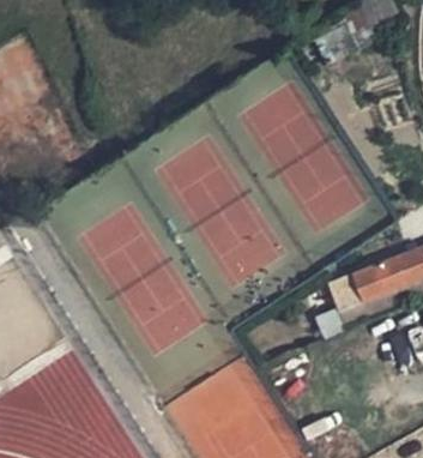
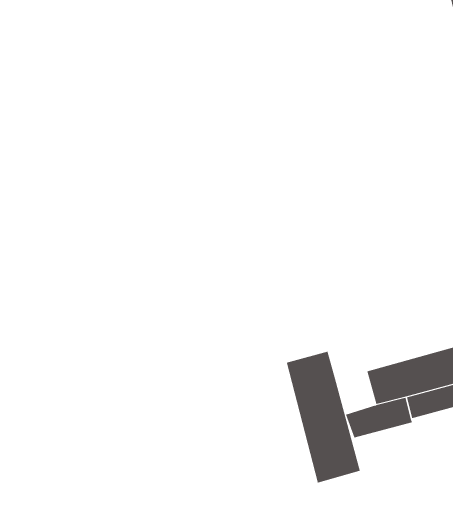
building: none -> [286,351,361,483]

